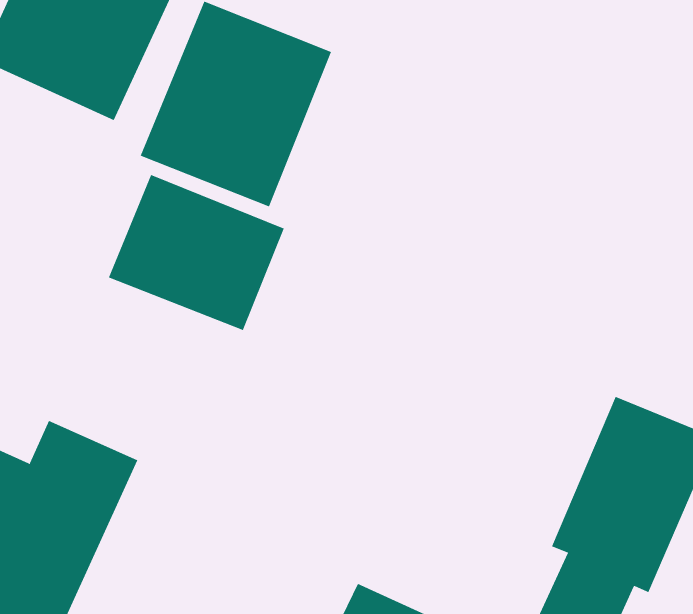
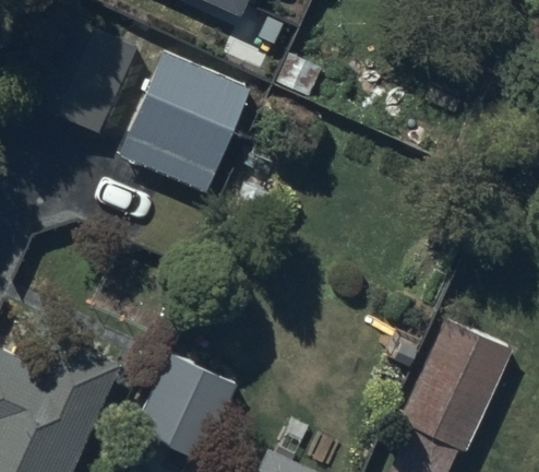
building: [108,174,285,331] -> none
building: none -> [133,353,239,463]

